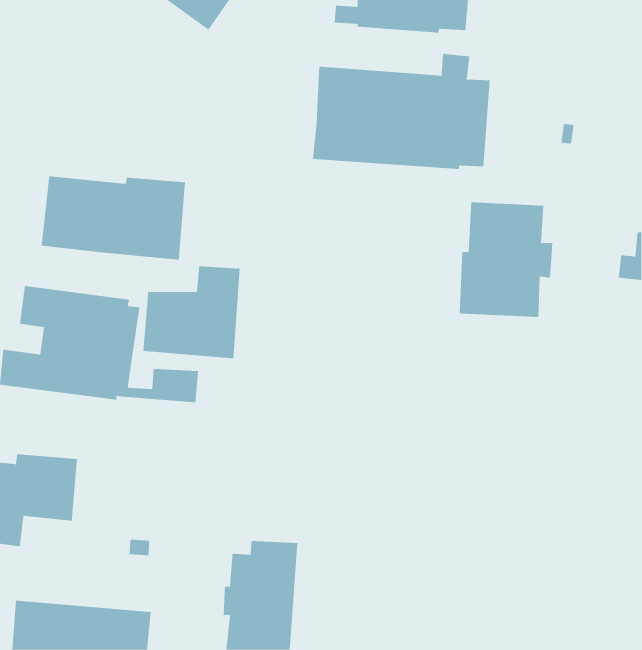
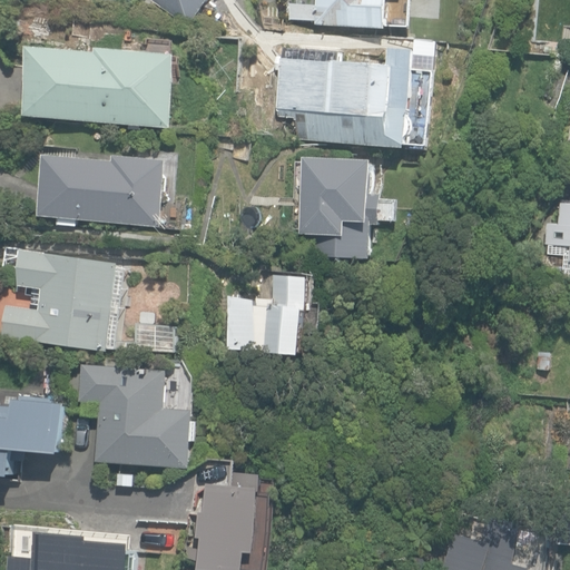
building: none -> [24,47,174,127]
building: [459,202,553,318] -> [296,157,379,258]
building: [143,266,241,359] -> [225,273,311,354]
building: none -> [76,365,190,468]

